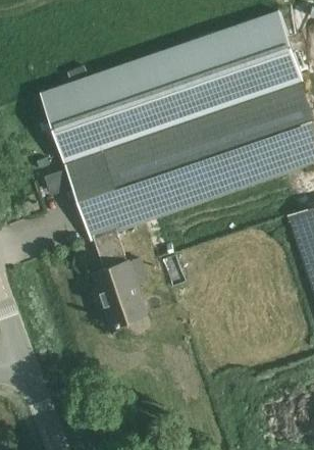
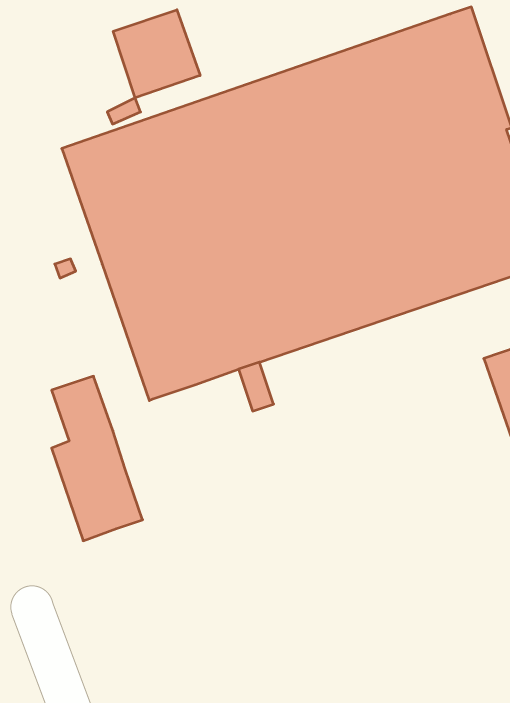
building: none -> [113,10,200,98]
building: [93,231,146,327] -> [52,376,143,541]

